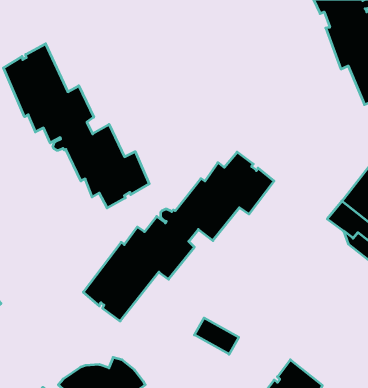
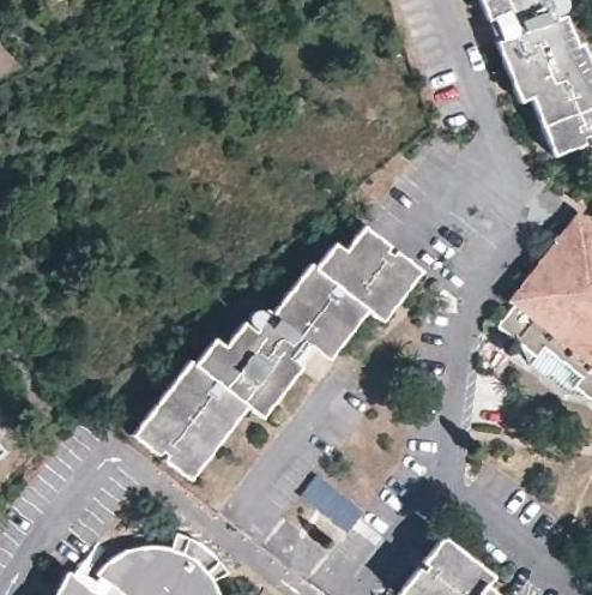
building: [3,44,149,208] -> none

